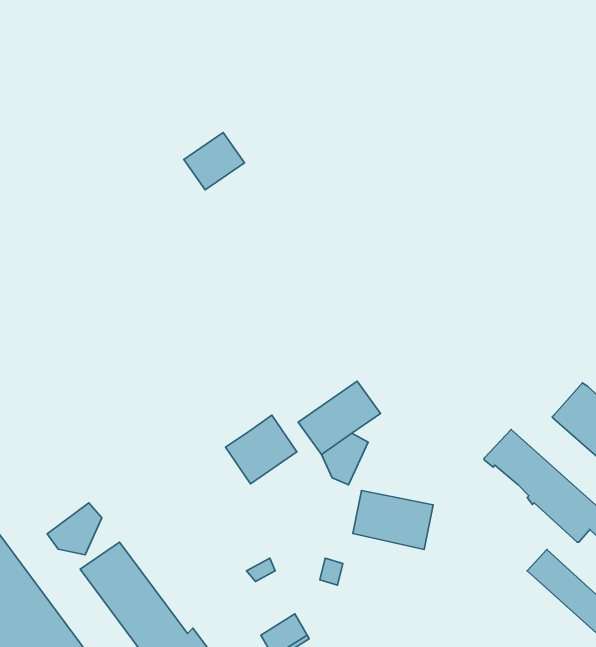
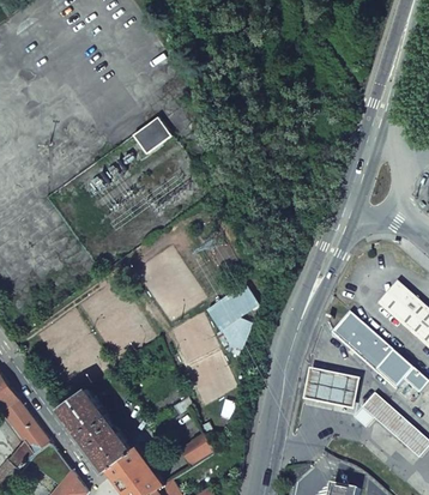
building: [226,415,297,484] -> none
building: [353,491,433,550] -> [303,370,357,410]
building: [47,503,102,555] -> none

